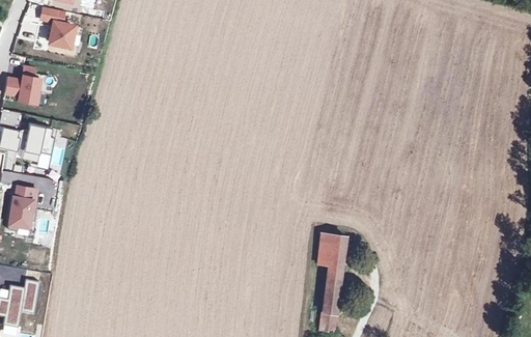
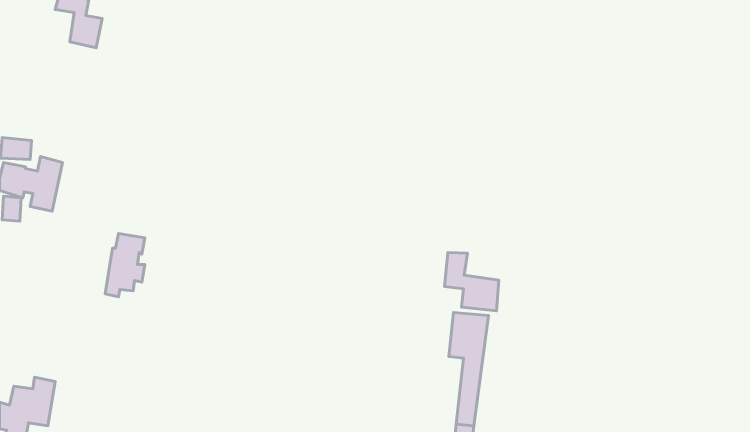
building: [5,66,39,104] -> none
building: [8,187,36,231] -> [105,233,145,297]
building: none -> [444,253,499,311]

